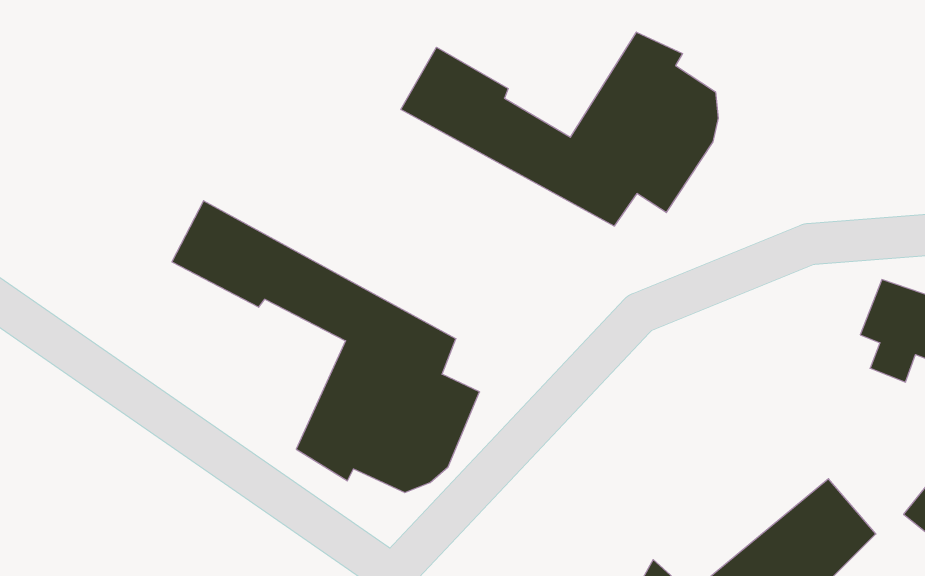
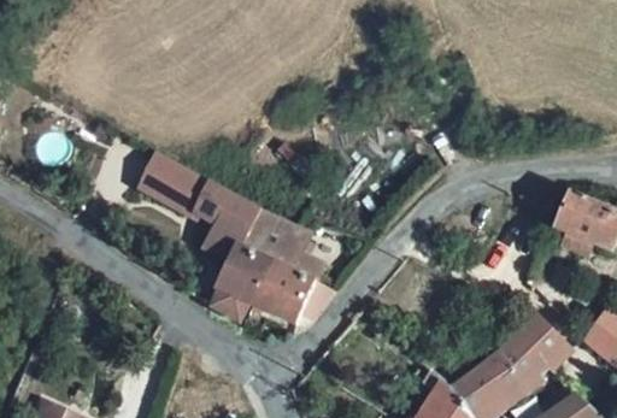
building: [401,32,718,226] -> none

